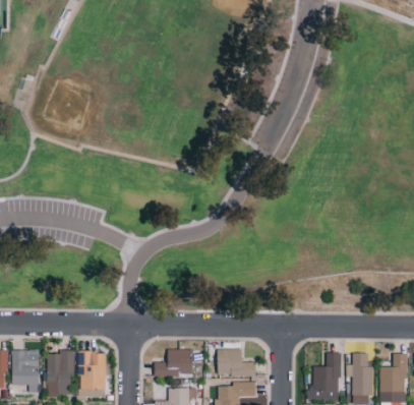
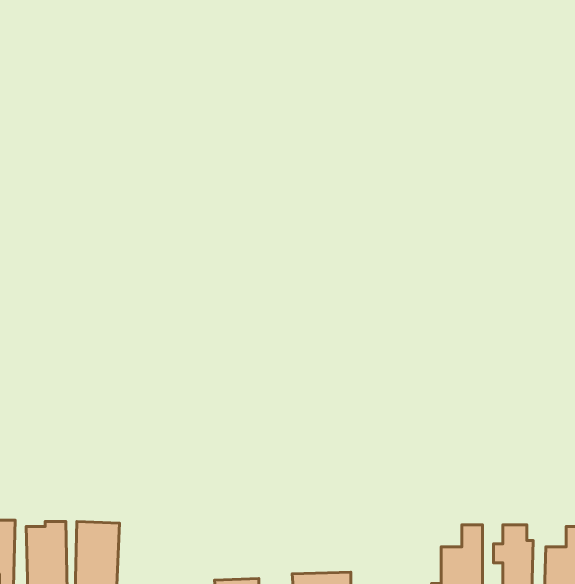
building: [155,349,193,377] -> none
building: [218,349,256,377] -> none

